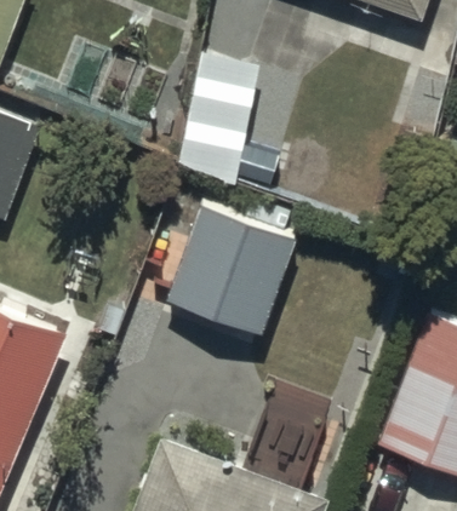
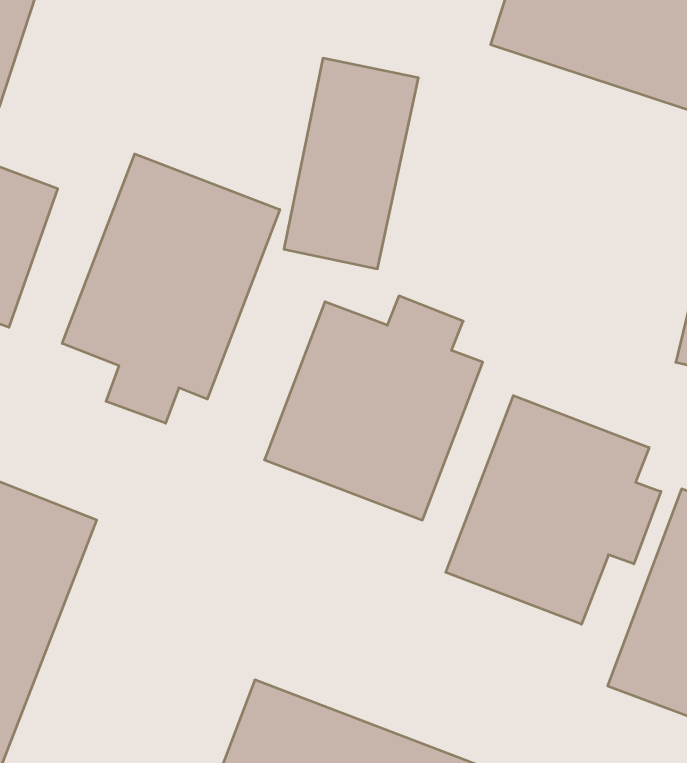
building: none -> [62,154,280,423]
building: none -> [446,396,661,624]

